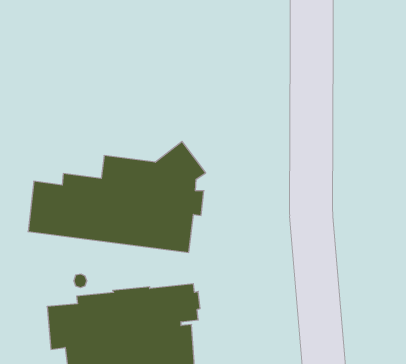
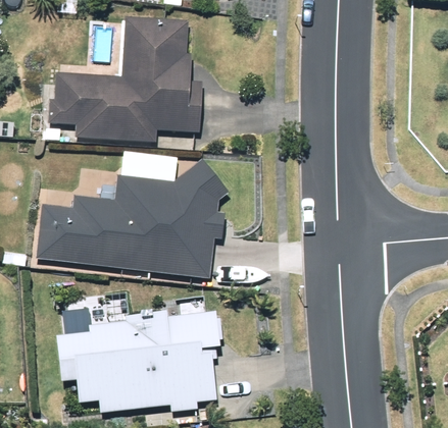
building: none -> [49,16,202,140]

